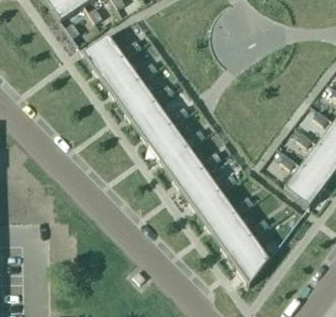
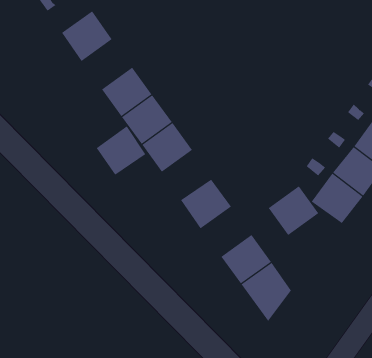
building: [99,57,140,98] -> none
building: [163,146,204,186] -> [96,125,146,176]
building: [195,191,236,231] -> [268,186,319,236]

